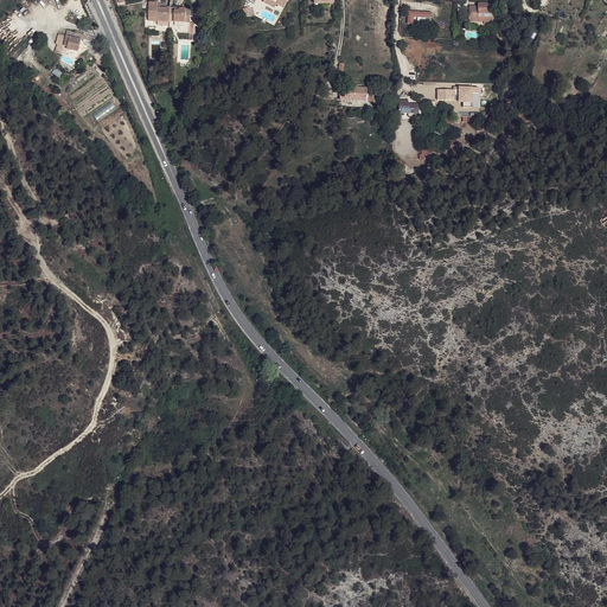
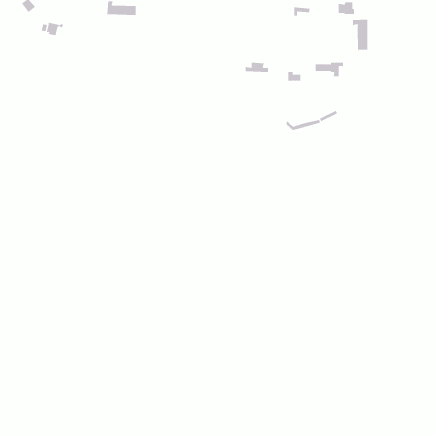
building: none -> [352,19,368,51]

